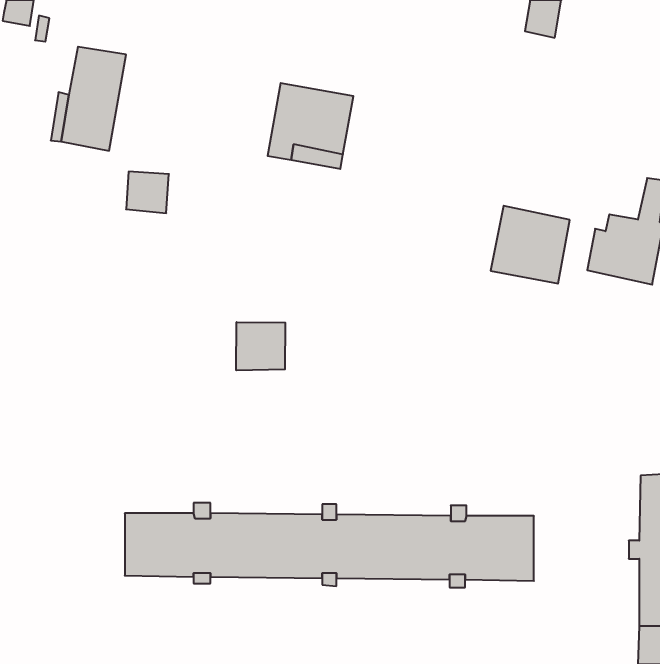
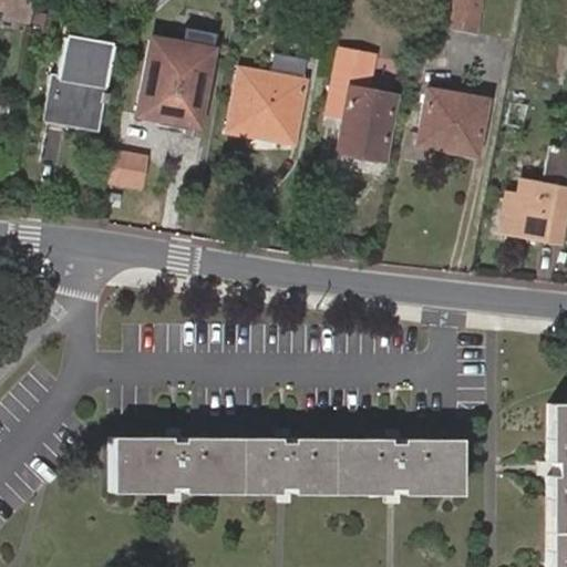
building: none -> [141,40,214,126]
building: none -> [331,51,395,159]
building: [491,206,570,284] -> [420,91,487,157]
building: [236,322,285,370] -> none

